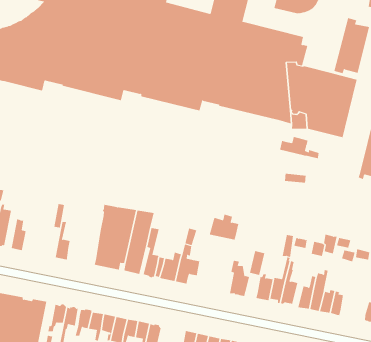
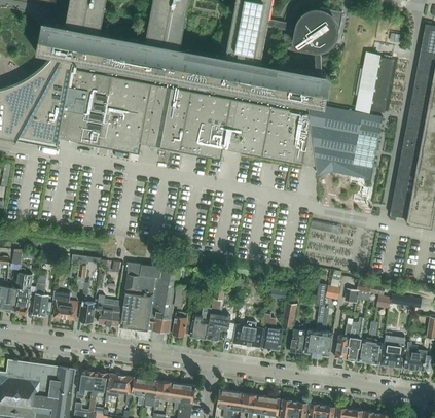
building: [279,136,319,159] -> none
building: [209,214,239,240] -> [232,320,263,347]
building: none -> [52,291,78,320]
building: none -> [94,294,121,326]
building: none -> [380,344,404,368]

